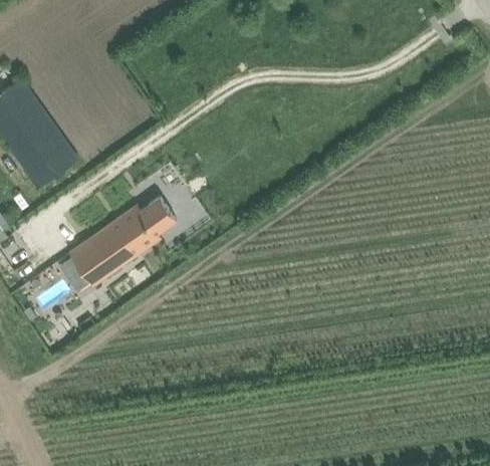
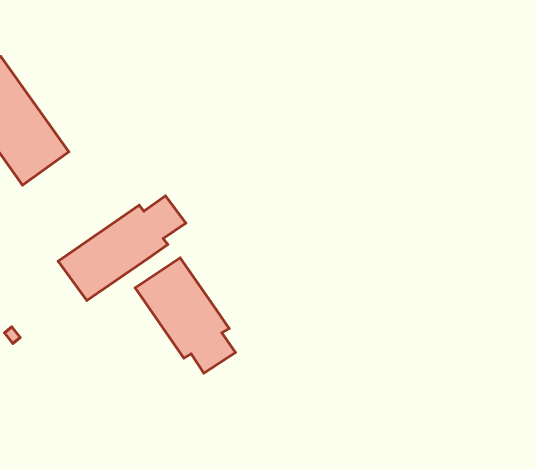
building: none -> [135,258,235,373]

